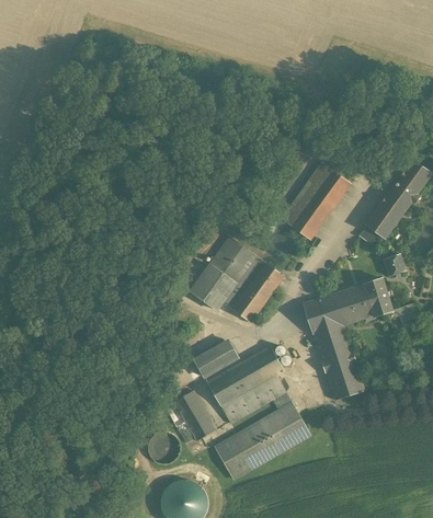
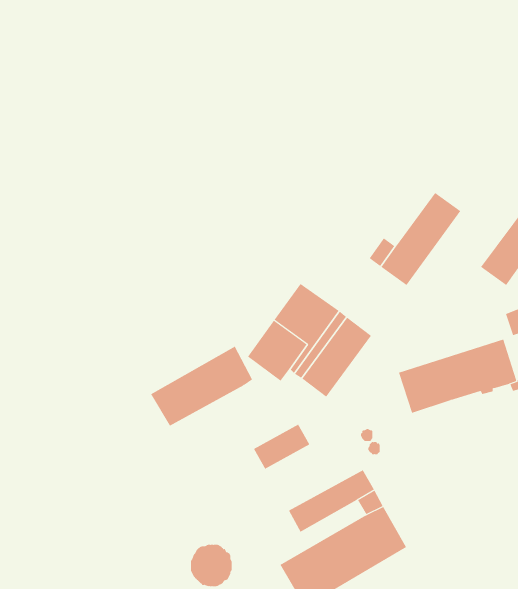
building: [314,324,364,400] -> none
building: [207,346,284,406] -> [150,346,253,426]
building: [173,390,216,440] -> none

